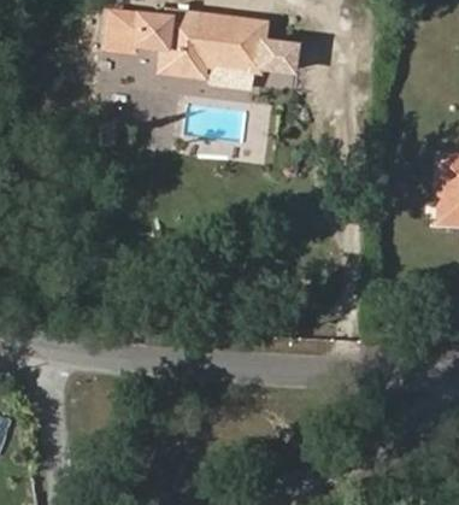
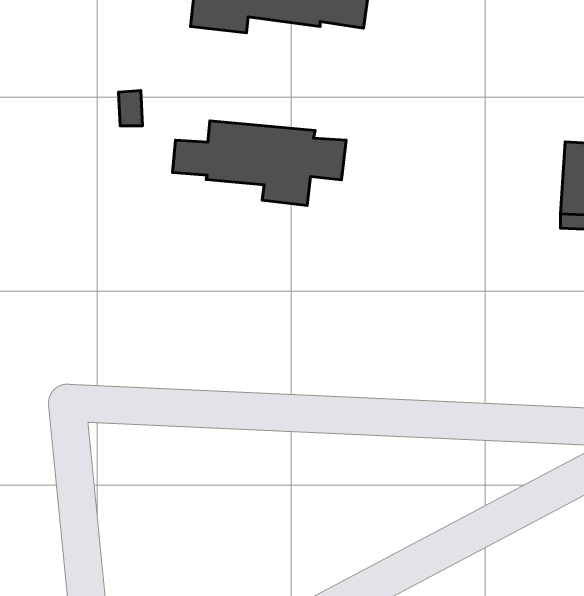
building: none -> [172,121,346,205]

